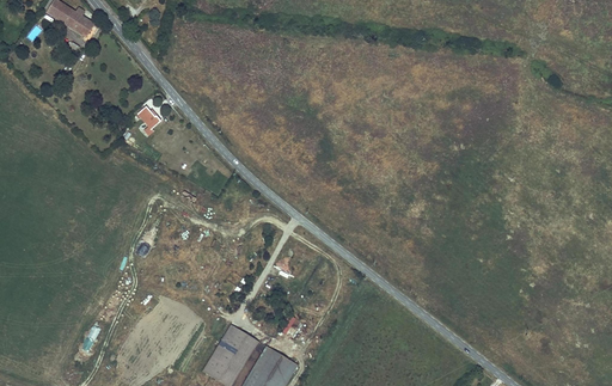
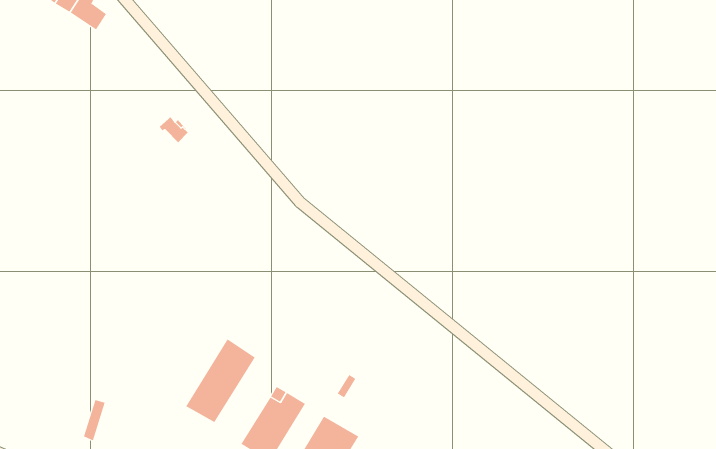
building: none -> [185,338,256,423]

